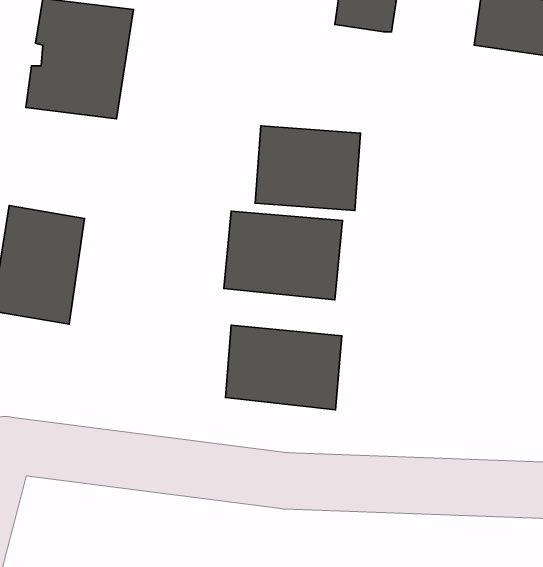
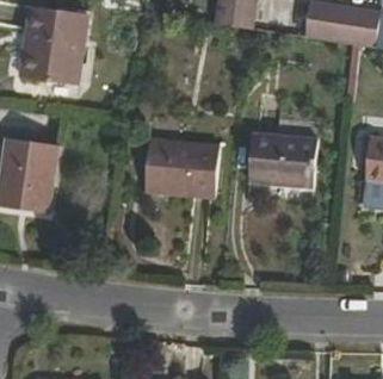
building: [255,126,361,211] -> [248,133,315,187]
building: [225,325,342,410] -> none

